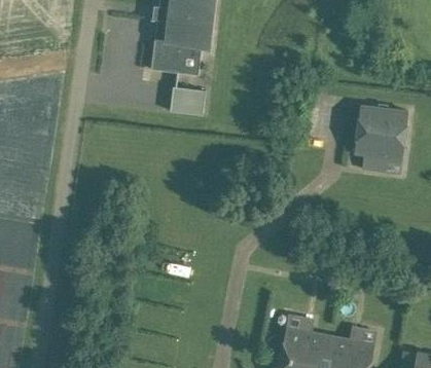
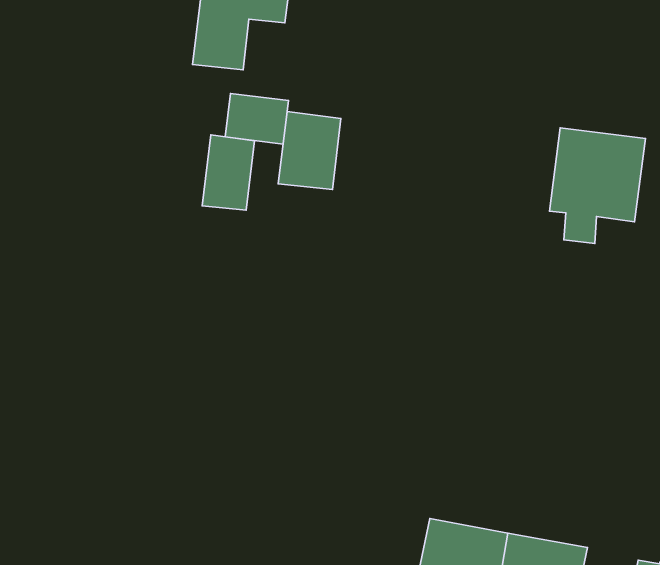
building: none -> [278,111,341,189]
building: none -> [202,135,255,210]

